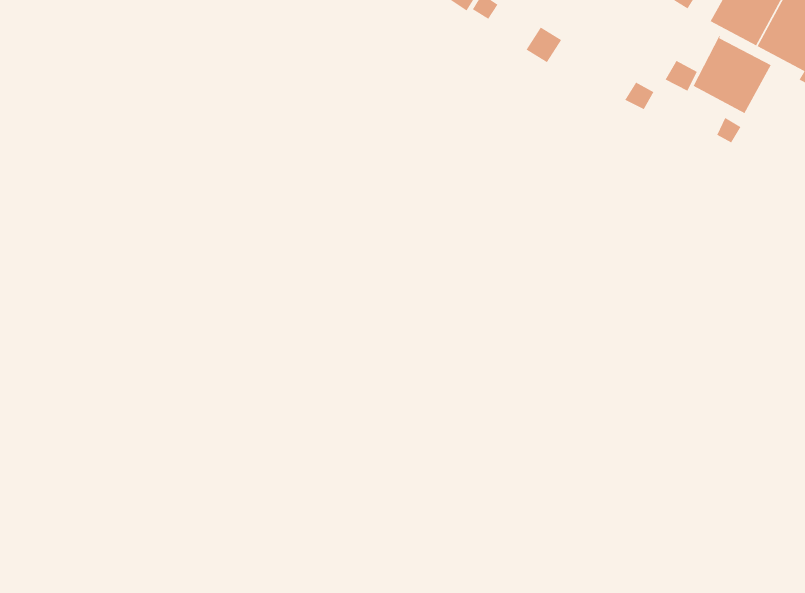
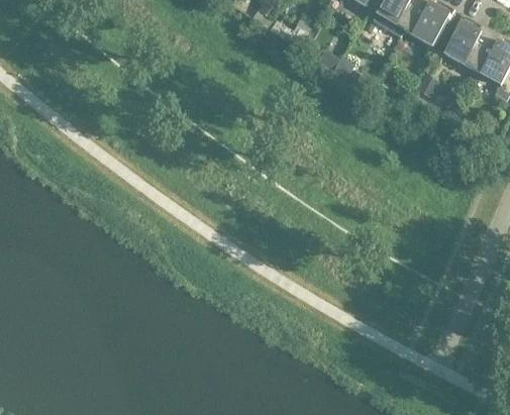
building: [693,35,772,114] -> none

